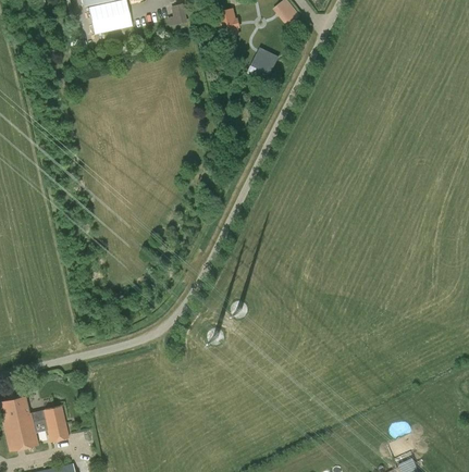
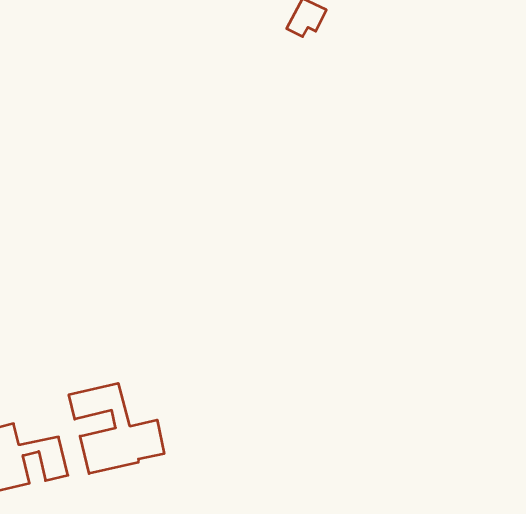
building: none -> [69,383,164,474]

